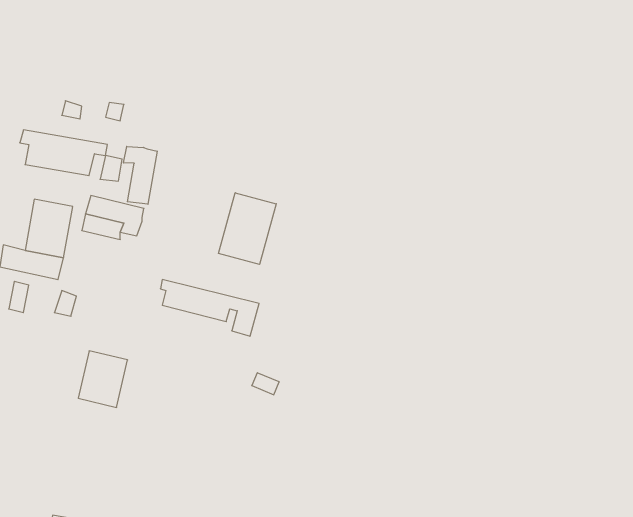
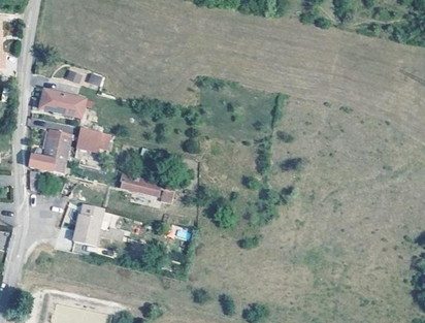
building: [124,146,157,204] -> none
building: [218,193,276,264] -> none

